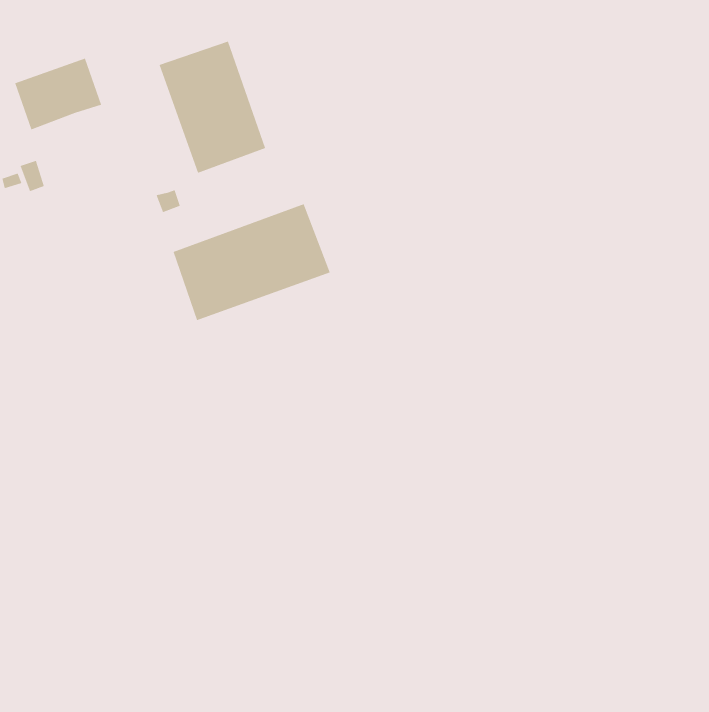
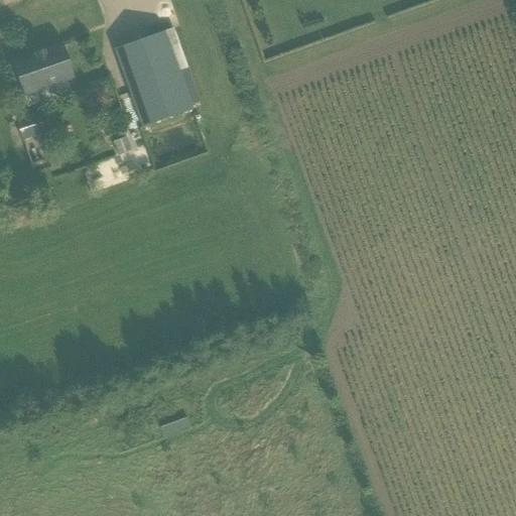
building: [172,203,331,321] -> none

